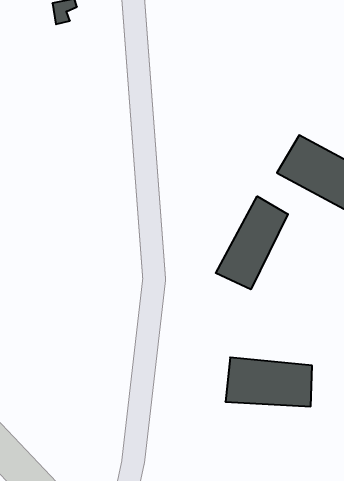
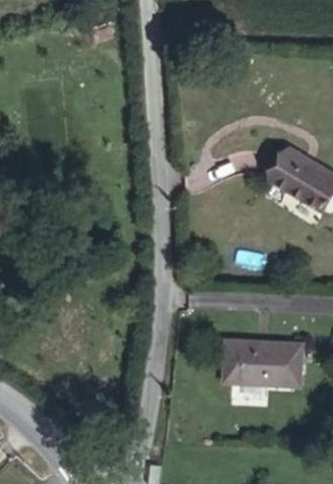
building: [216,196,288,289] -> none

